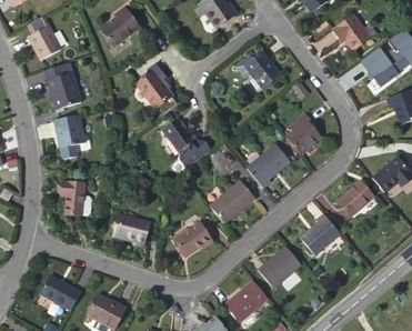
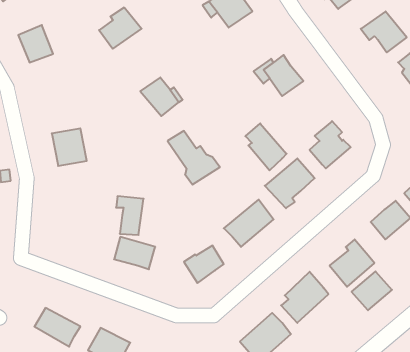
building: [42,68,79,113] -> none
building: none -> [245,123,287,170]
building: [61,183,86,218] -> [116,196,144,235]
building: none -> [352,271,392,310]

